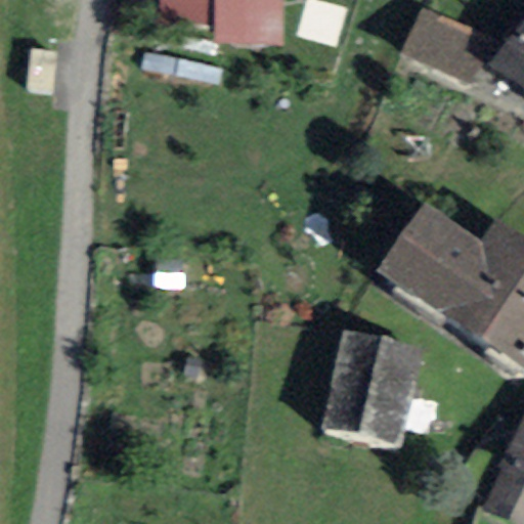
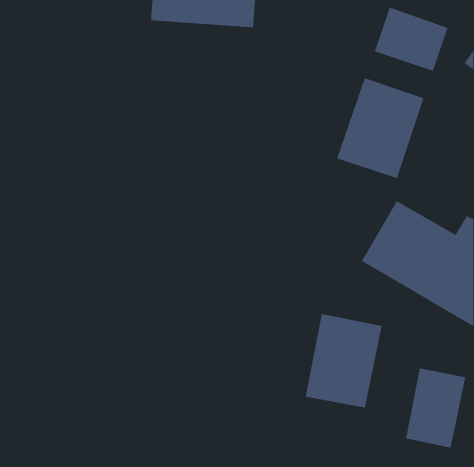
building: none -> [336,77,424,179]
building: none -> [405,367,466,449]

